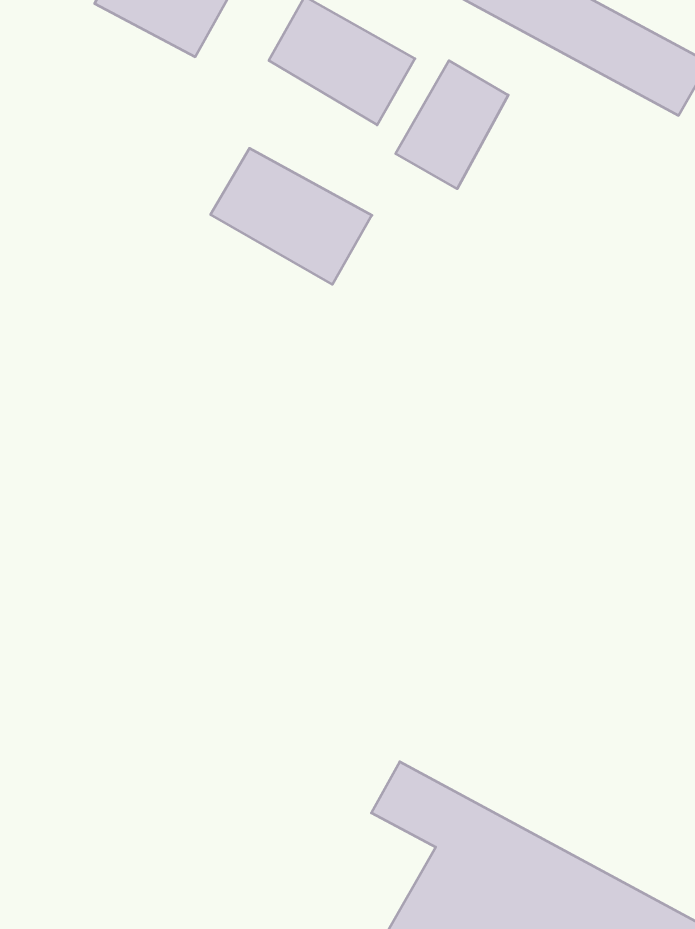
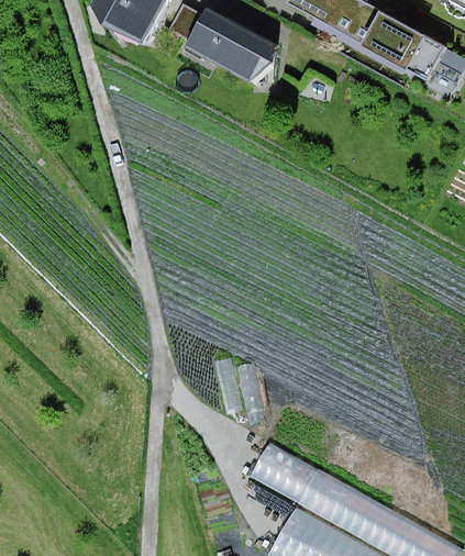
building: [396,61,508,189] -> none
building: [211,148,372,284] -> none

